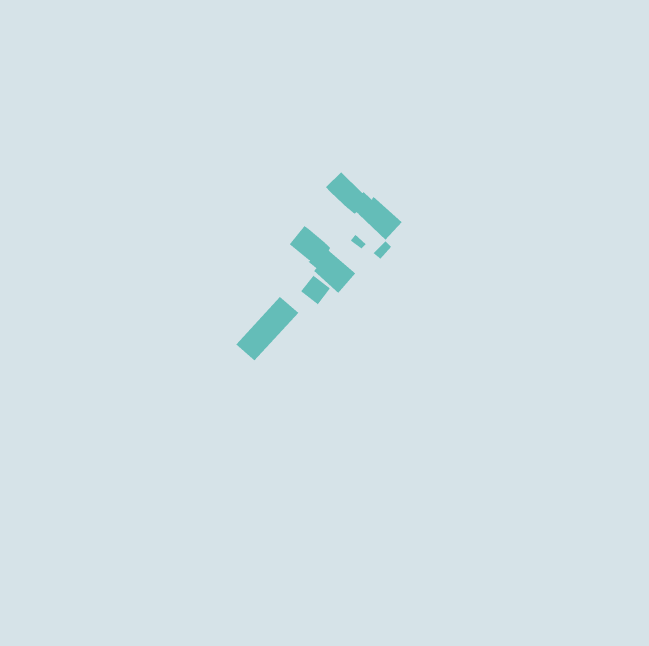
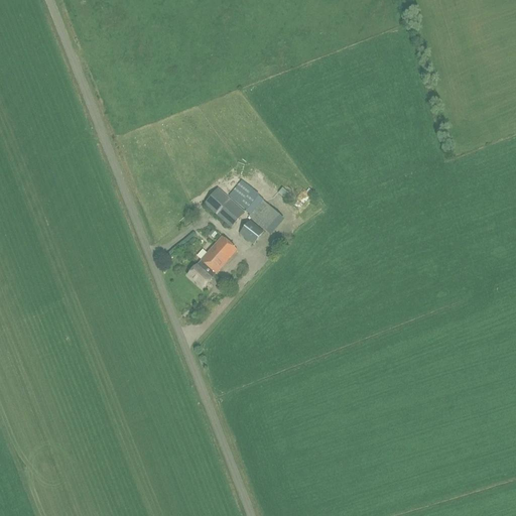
building: [325,172,402,240] -> none
building: none -> [203,185,244,226]

